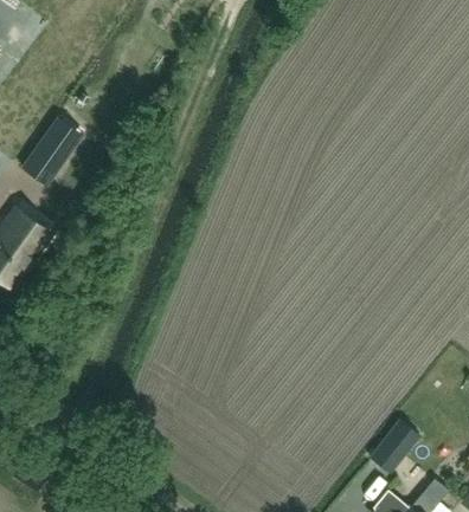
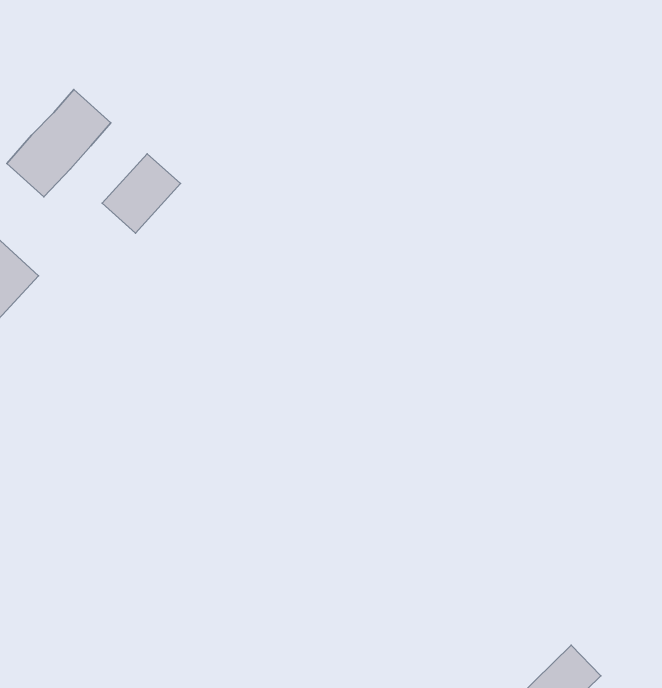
building: none -> [102,154,180,233]

